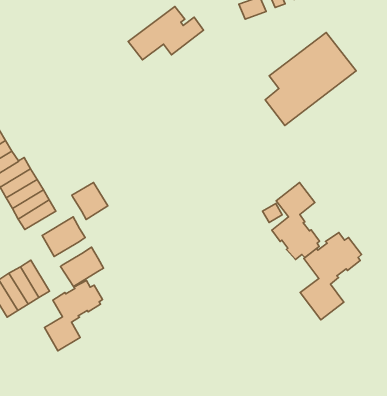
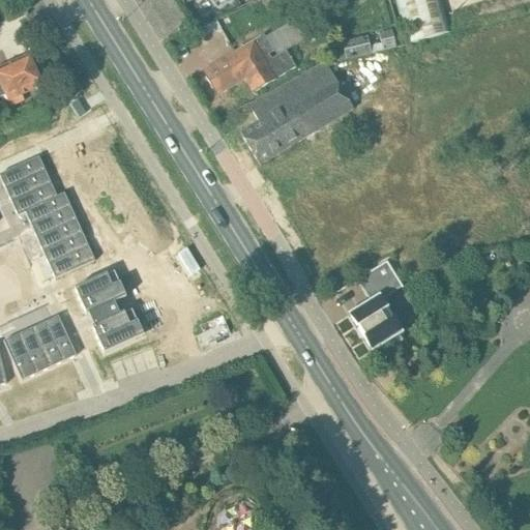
building: [265,33,356,125] -> [240,58,352,163]
building: [72,183,108,219] -> none
building: [300,233,361,320] -> none
building: [45,281,102,351] -> none

